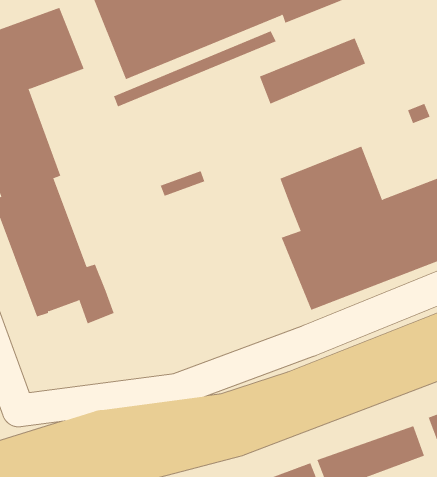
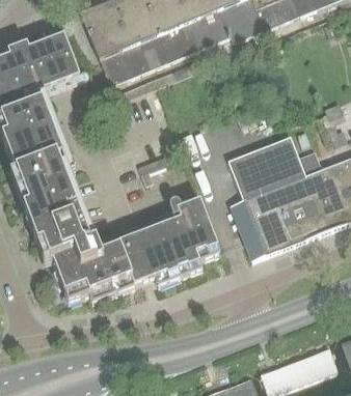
building: [259,38,366,104] -> none
building: none -> [55,201,221,303]

